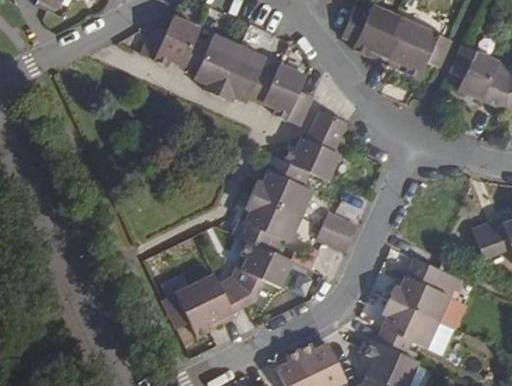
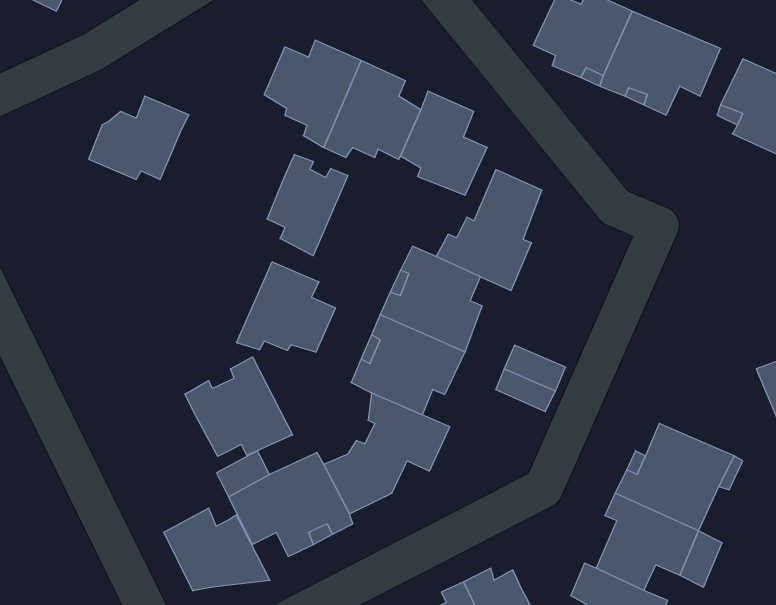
building: [141,16,200,65] -> [89,96,189,179]
building: none -> [267,155,348,256]
building: none -> [237,262,335,352]
building: none -> [185,357,293,456]
building: none -> [164,508,270,591]

